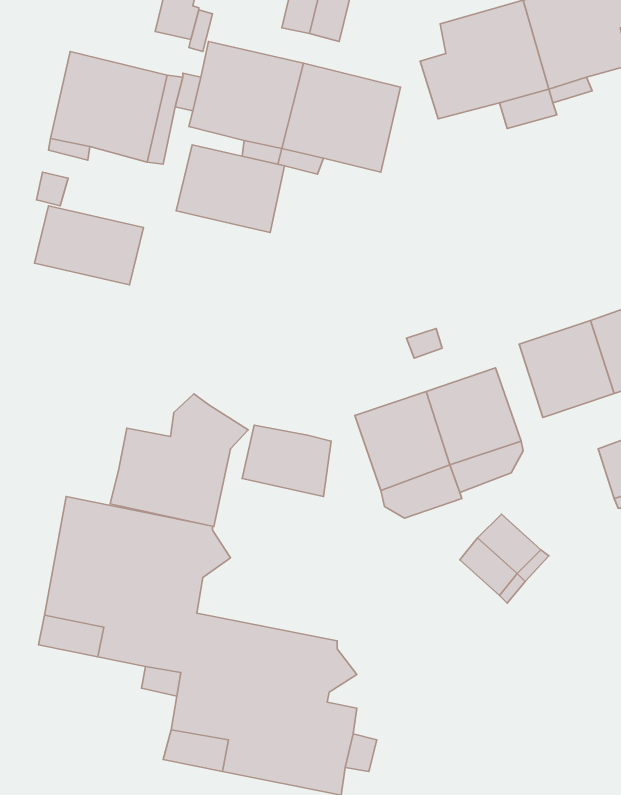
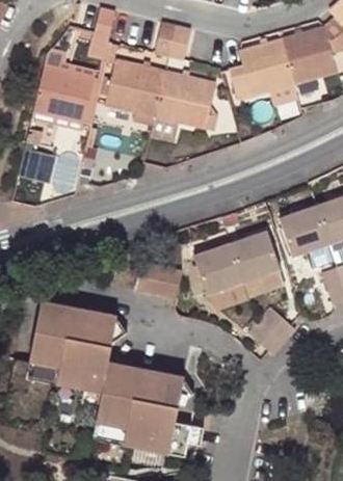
building: [176,145,284,233] -> none
building: [110,394,248,526] -> none

